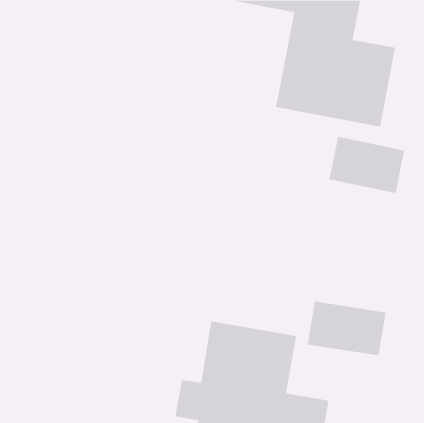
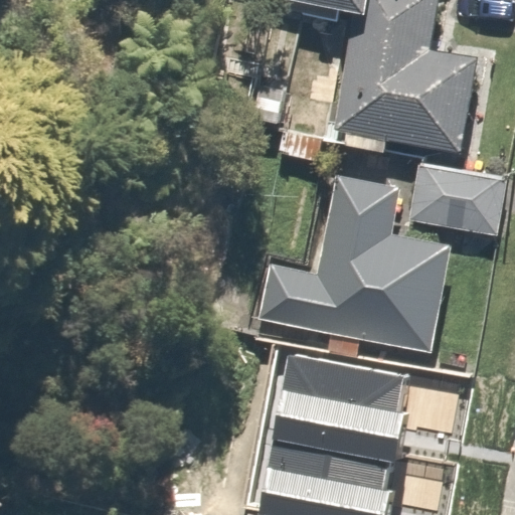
building: none -> [258,175,450,350]

